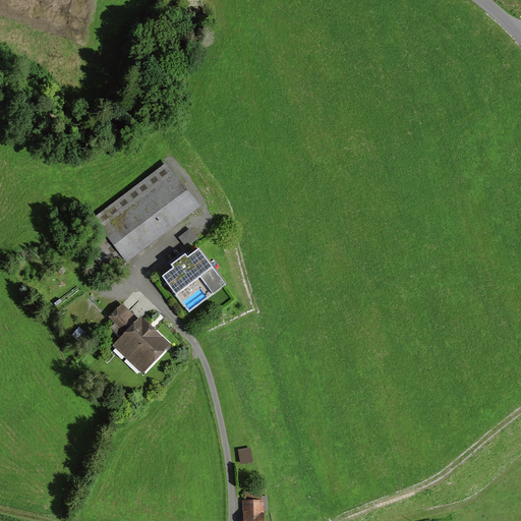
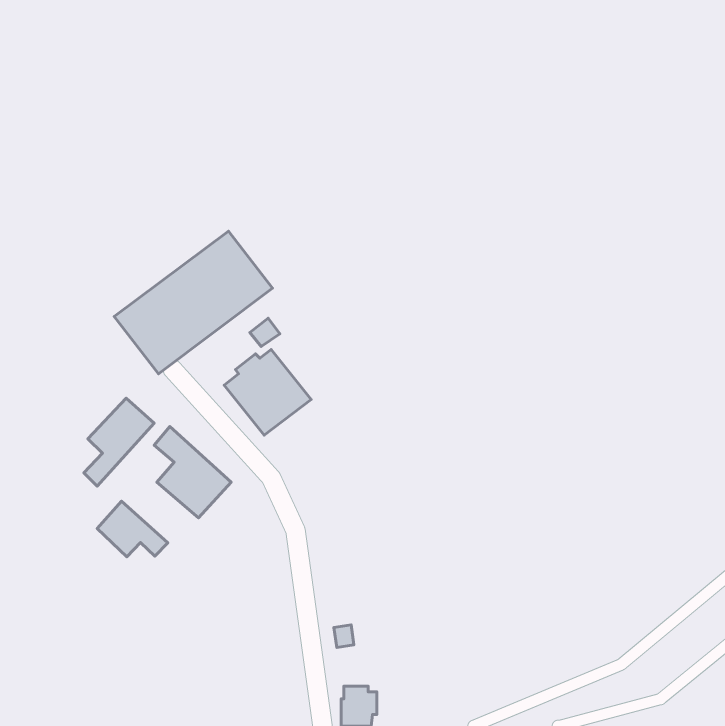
building: none -> [84,398,154,486]
building: none -> [97,501,168,557]

